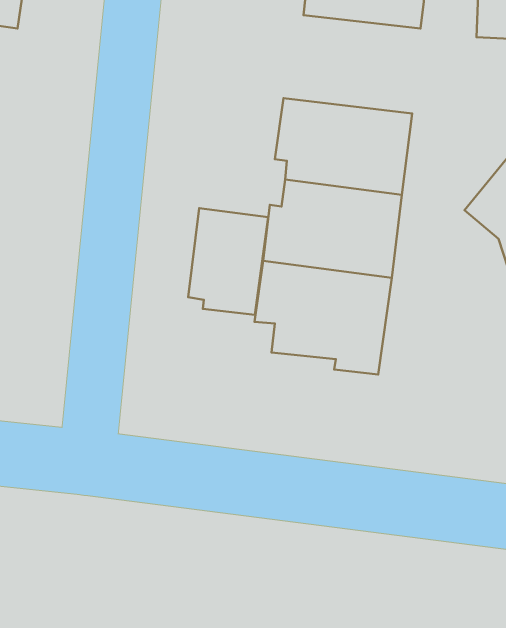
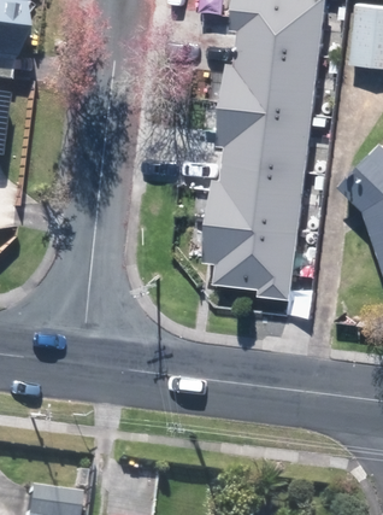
building: none -> [220,46,318,116]
building: [188,208,268,315] -> none

